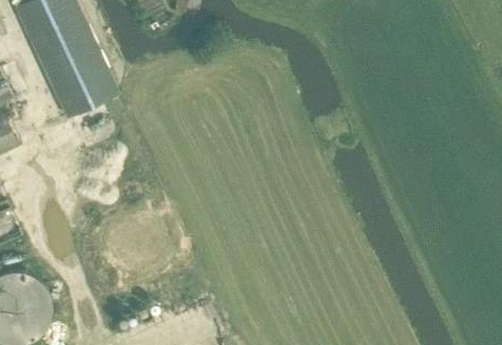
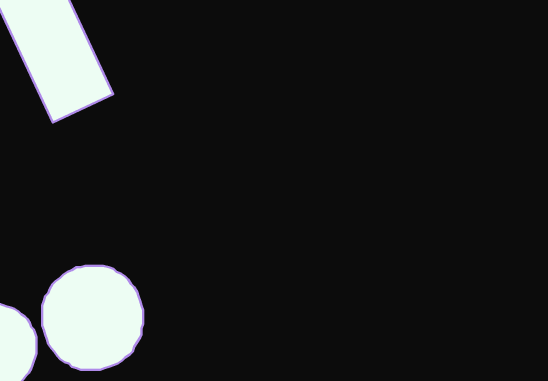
building: none -> [42,266,143,370]

